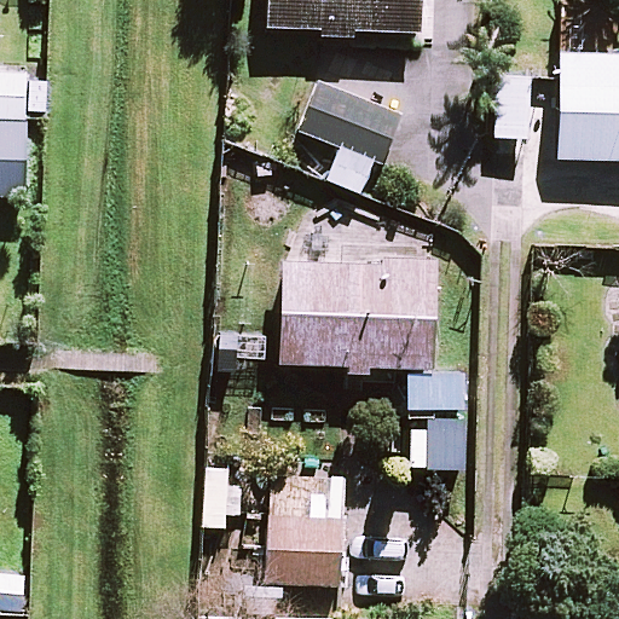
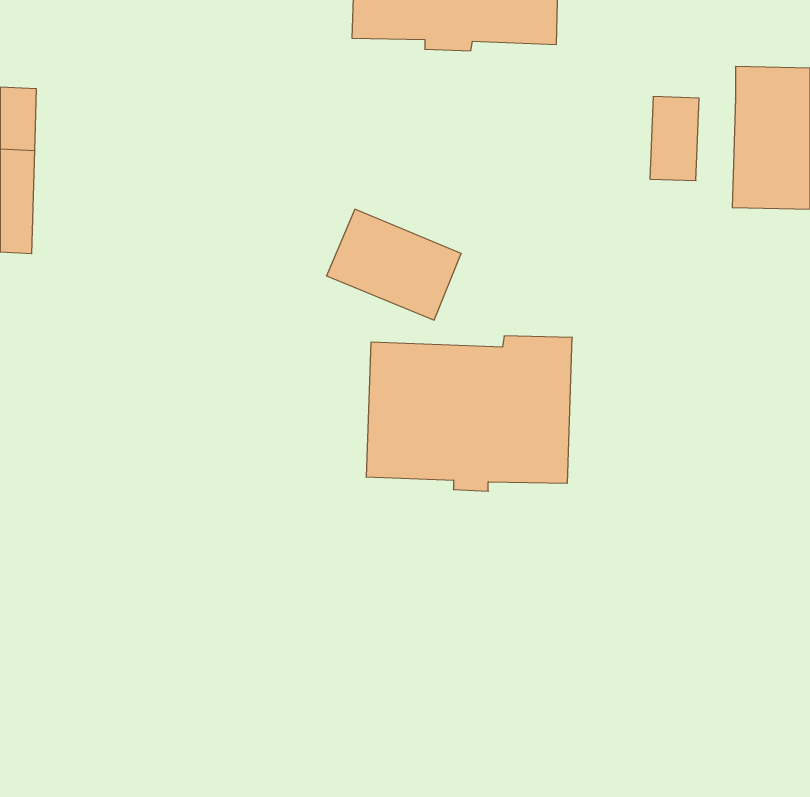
building: [302,77,405,162] -> [326,209,461,320]
building: [268,473,347,584] -> none

